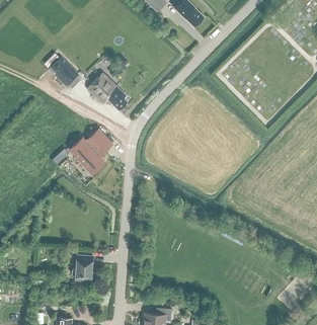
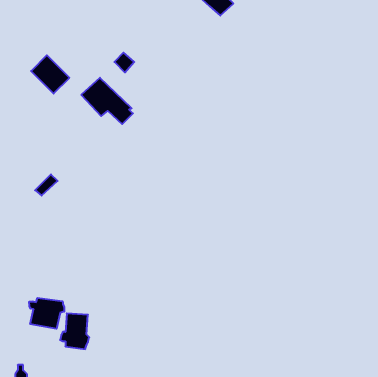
building: [71,130,112,173] -> none
building: none -> [29,298,64,329]

